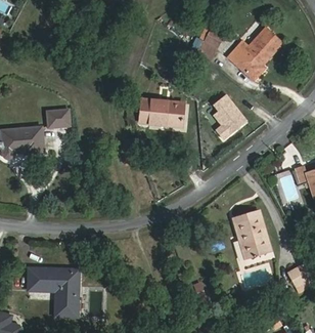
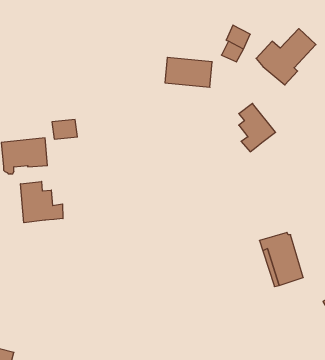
building: [140,98,182,125] -> [165,57,212,87]
building: none -> [21,181,63,223]
building: [28,266,78,316] -> none

